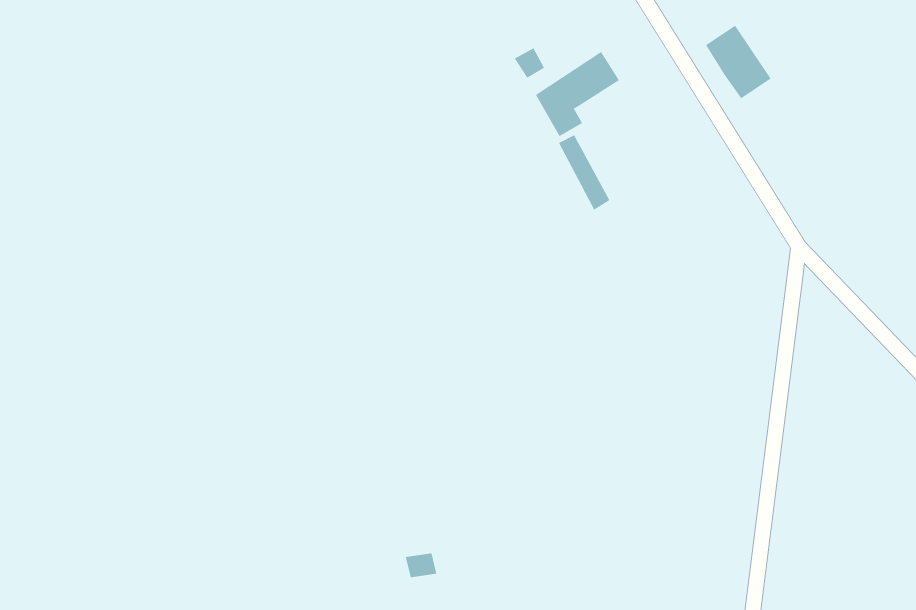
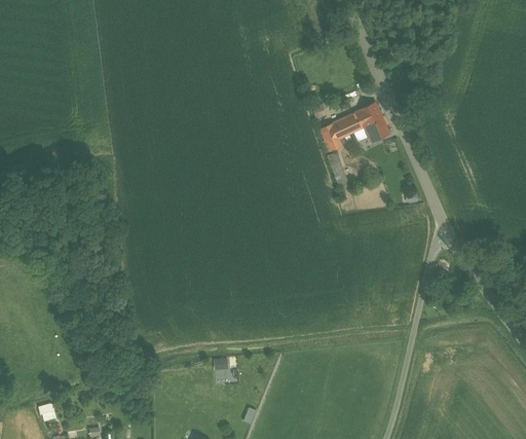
building: [705,25,771,99] -> [356,101,388,140]

